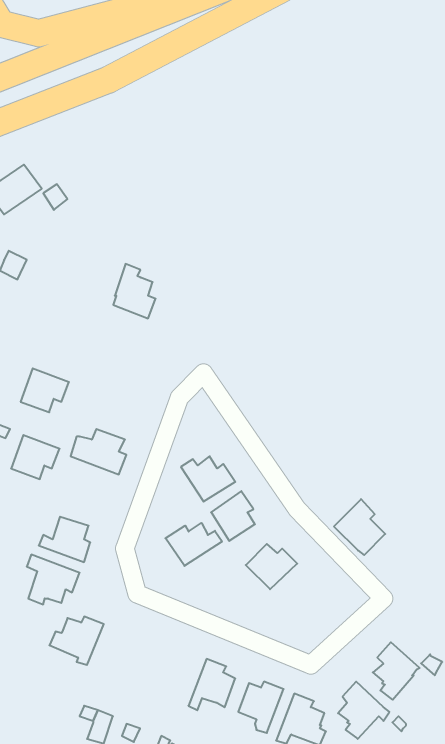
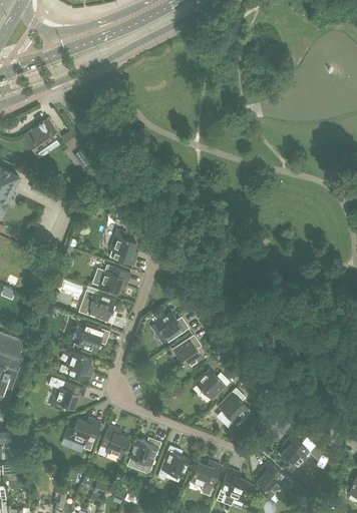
building: [113,264,156,318] -> [109,229,137,266]
building: [21,368,69,412] -> [98,264,130,293]
building: [11,435,60,479] -> [77,323,109,352]
building: [334,499,385,555] -> [218,388,252,425]
building: [165,523,222,566] -> none
building: none -> [97,426,128,457]
building: none -> [130,438,160,473]

